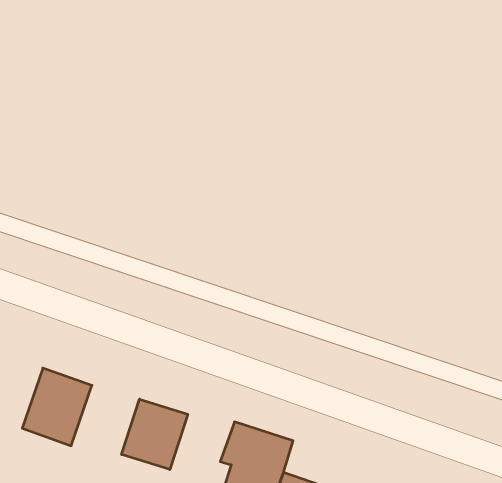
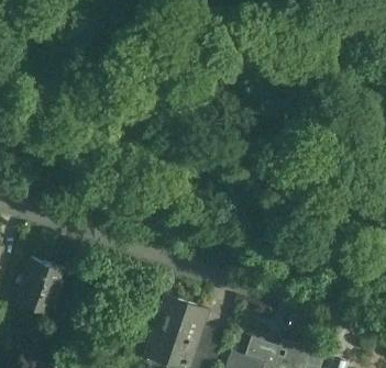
building: [122,399,188,470] -> none

